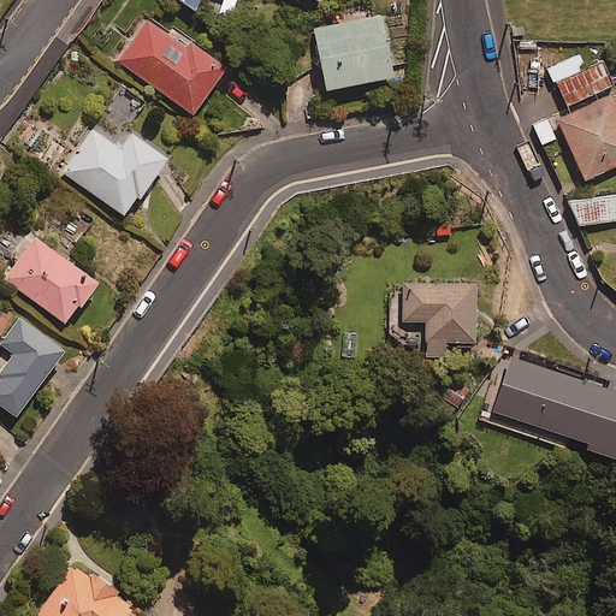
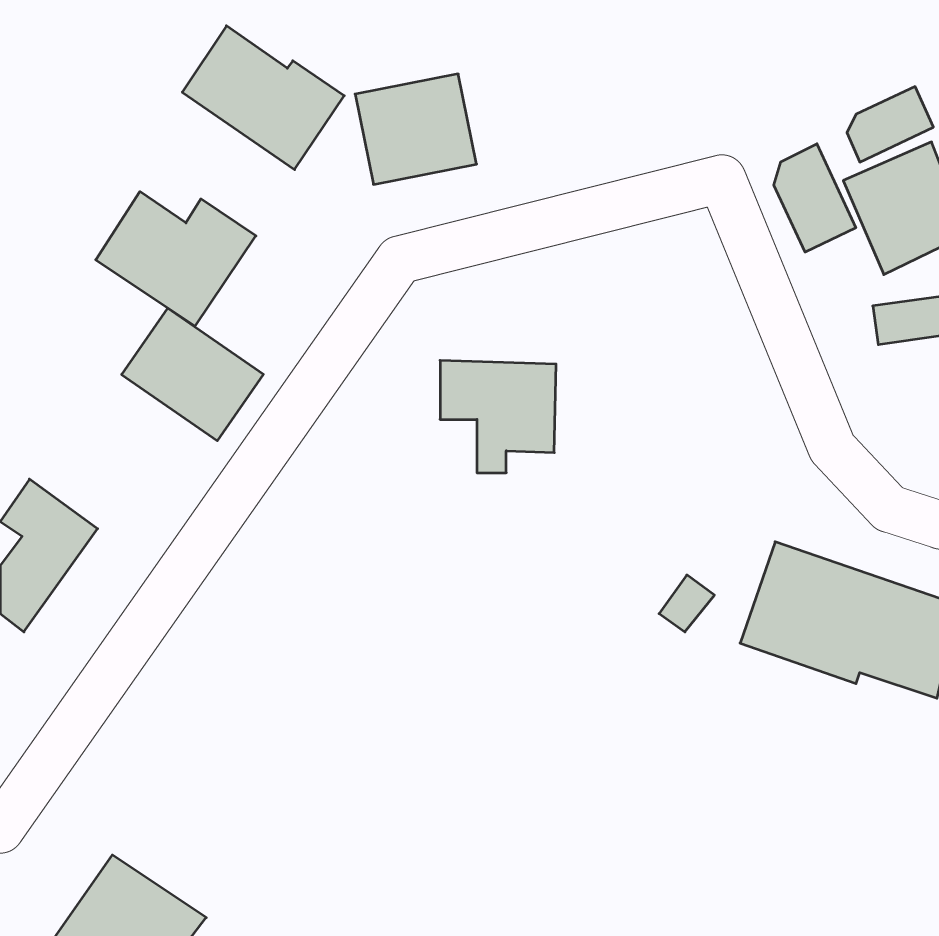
building: [315,17,395,89] -> [355,74,477,184]
building: none -> [774,144,856,252]
building: [6,237,99,324] -> [122,308,263,441]
building: [398,284,474,357] -> [440,360,556,473]

